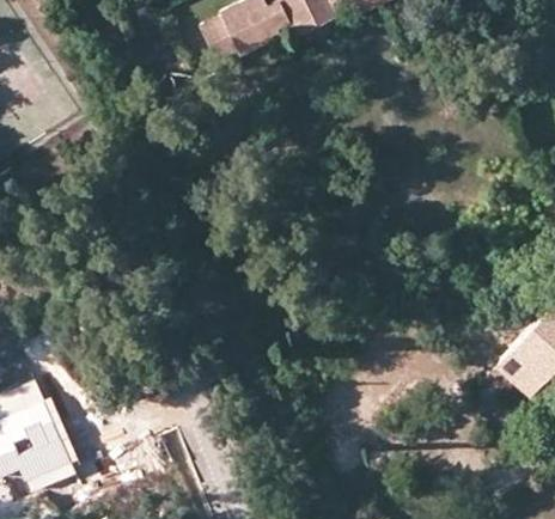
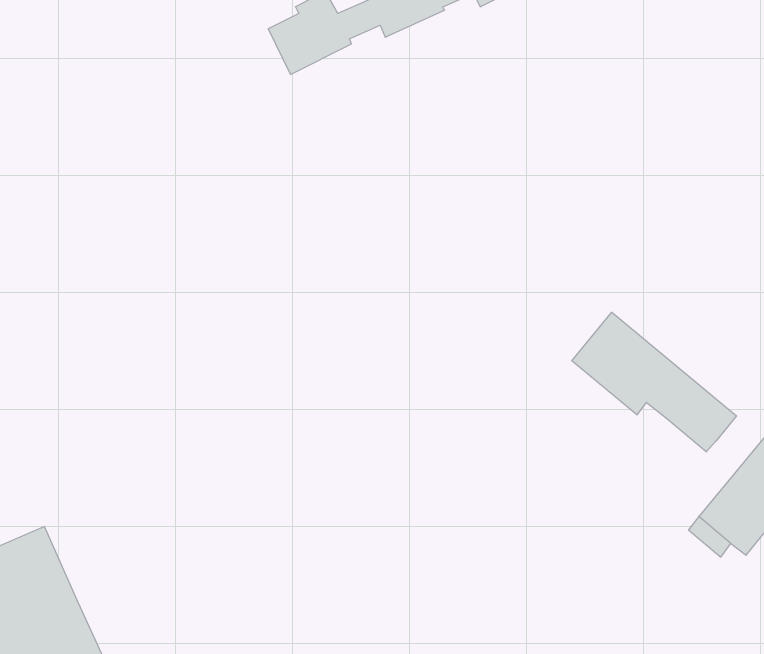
building: none -> [572,312,737,452]

